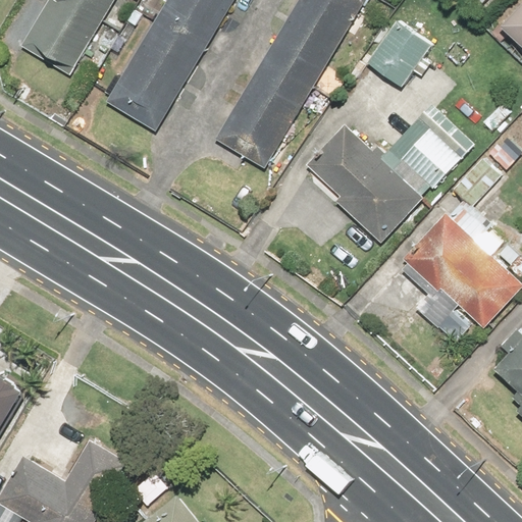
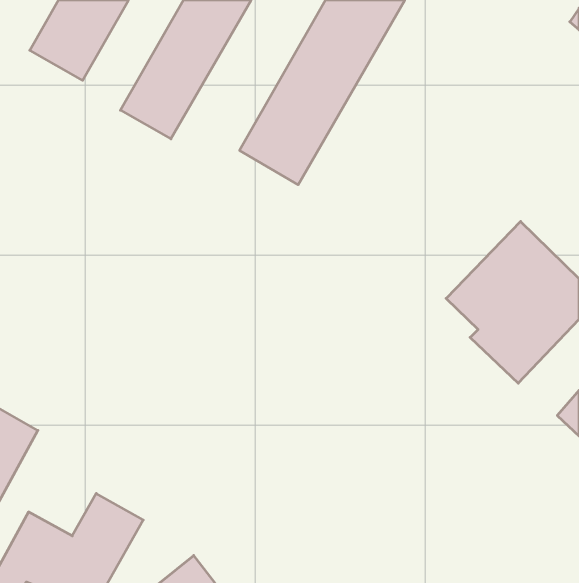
building: [366,16,434,87] -> none
building: [309,100,480,246] -> none

